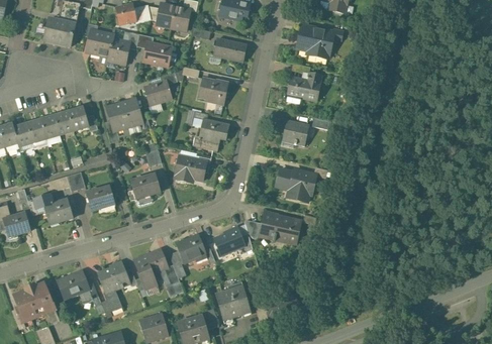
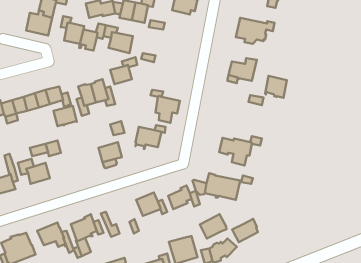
building: [213,38,247,61] -> none
building: [198,78,227,104] -> none
building: [282,119,308,145] -> [265,76,287,98]
building: [86,186,114,210] -> [53,106,77,126]
building: [139,249,167,274] -> none
building: none -> [200,214,227,239]
building: none -> [232,219,258,242]

